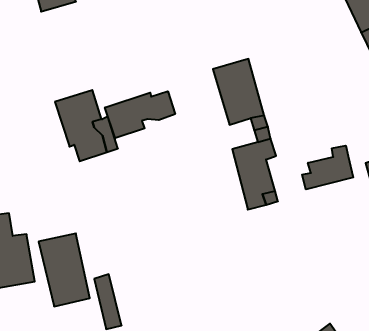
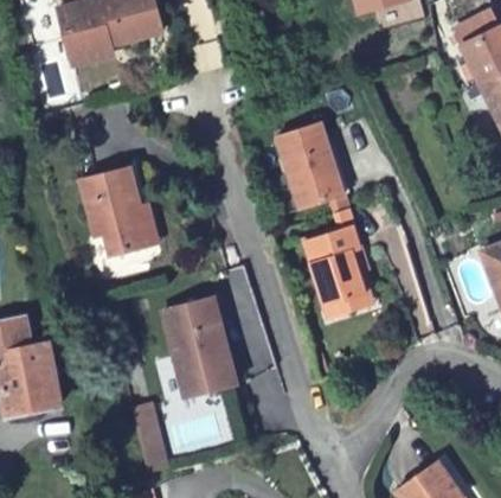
building: [105,91,175,138] -> none
building: [302,146,353,189] -> none
building: [39,233,90,306] -> [166,301,232,396]

